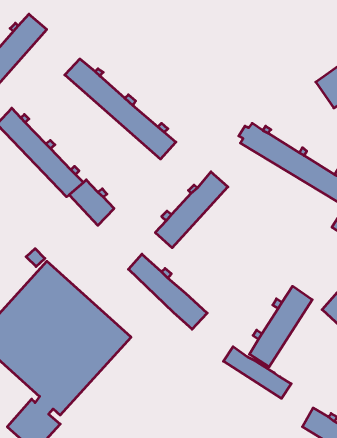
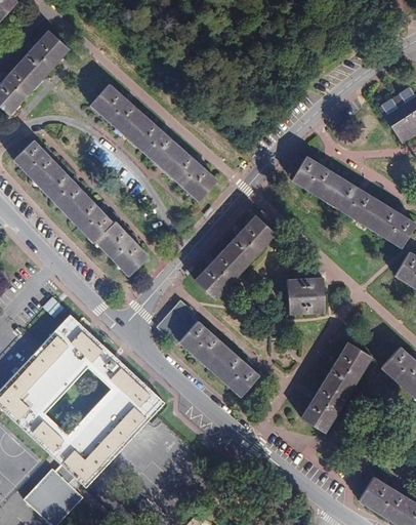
building: none -> [289,284,325,320]
building: [223,347,291,398] -> none

